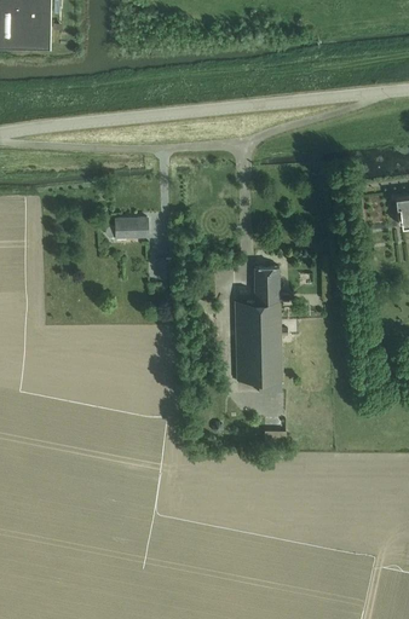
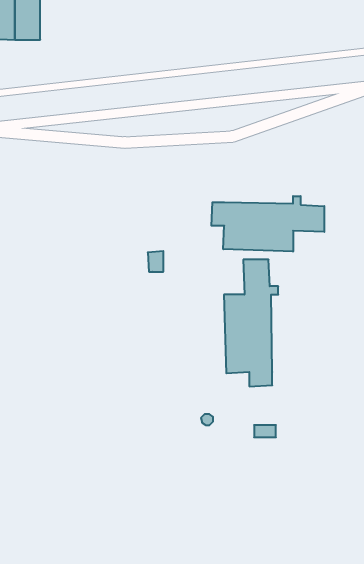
building: none -> [211,196,324,252]
building: [105,218,146,236] -> none

